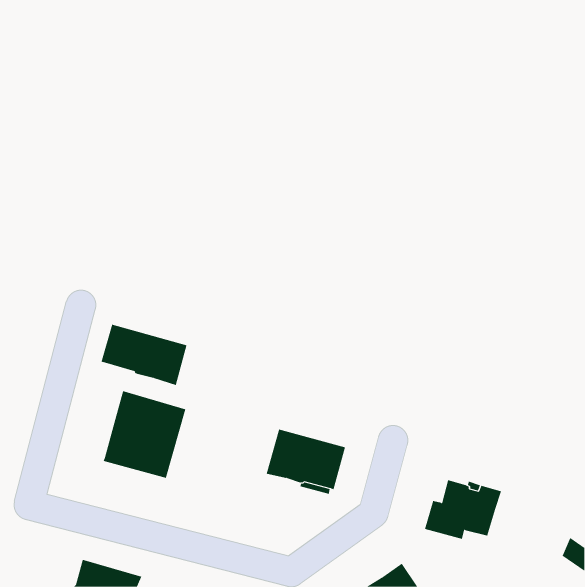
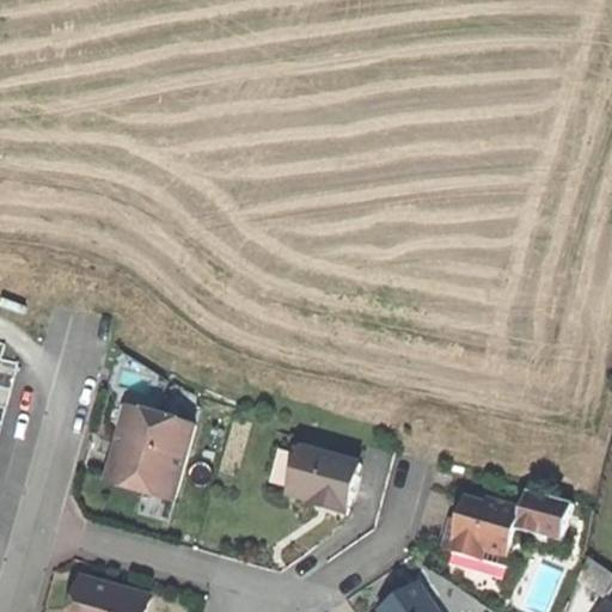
building: [101,324,187,386] -> none
building: none -> [513,489,570,540]

